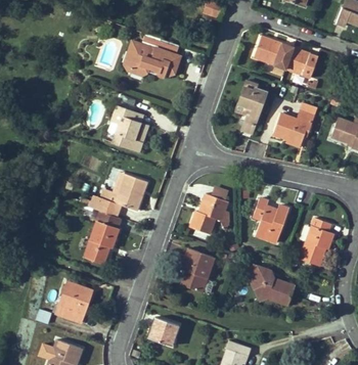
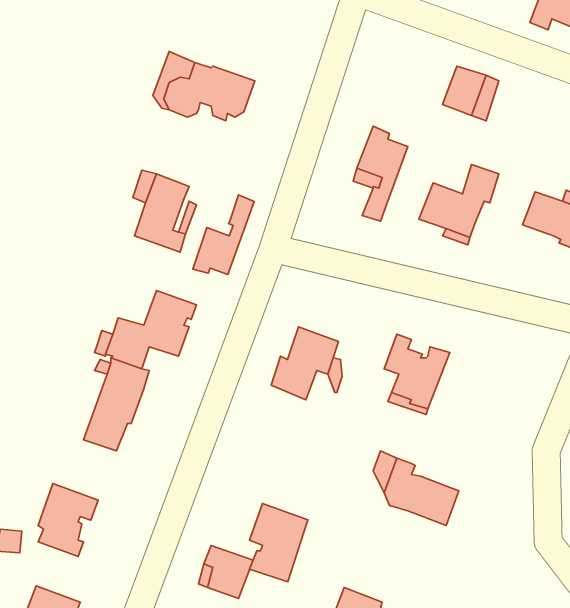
building: [253,35,294,69] -> none
building: none -> [193,195,254,275]
building: [300,218,333,266] -> none
building: [181,247,214,291] -> [250,504,308,582]

